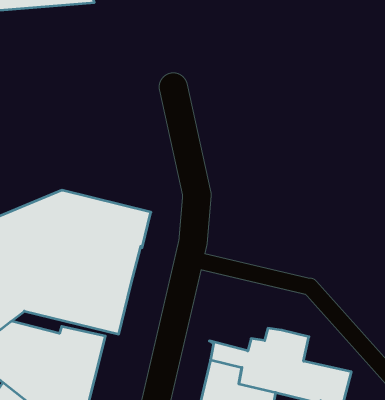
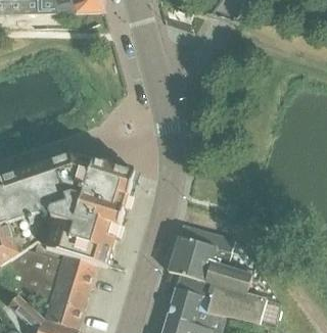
building: none -> [167,223,233,281]

